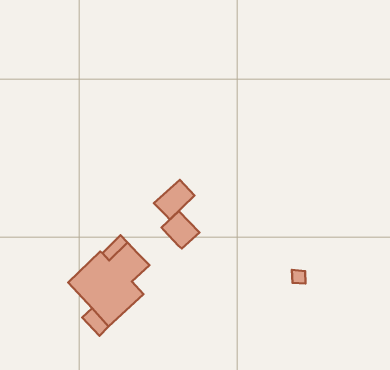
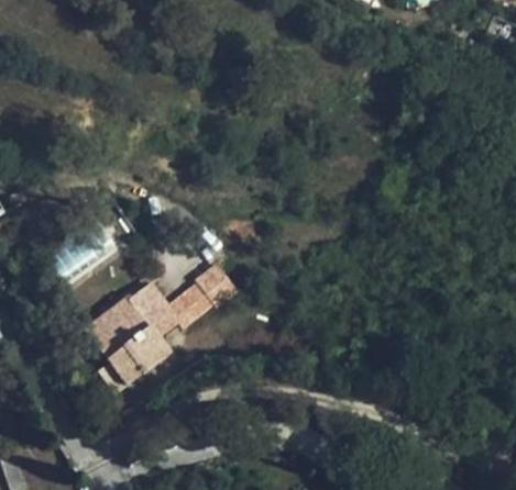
building: [154,180,195,220] -> [168,282,213,324]

